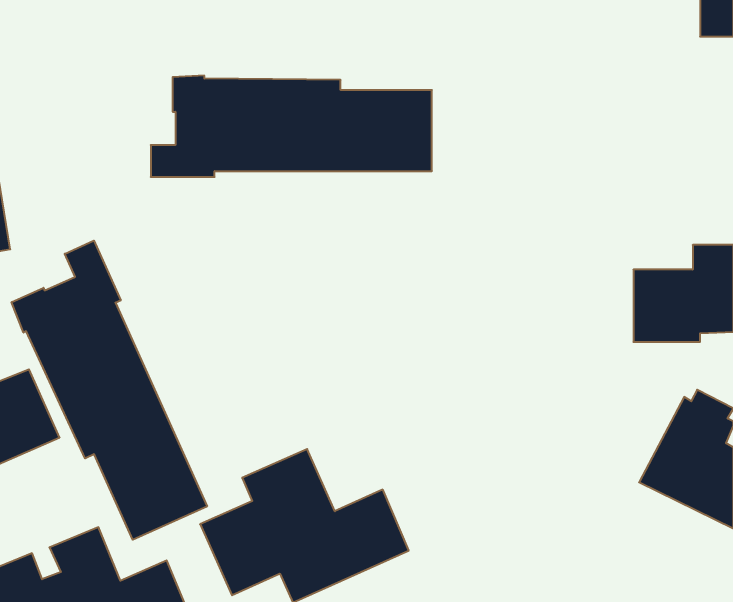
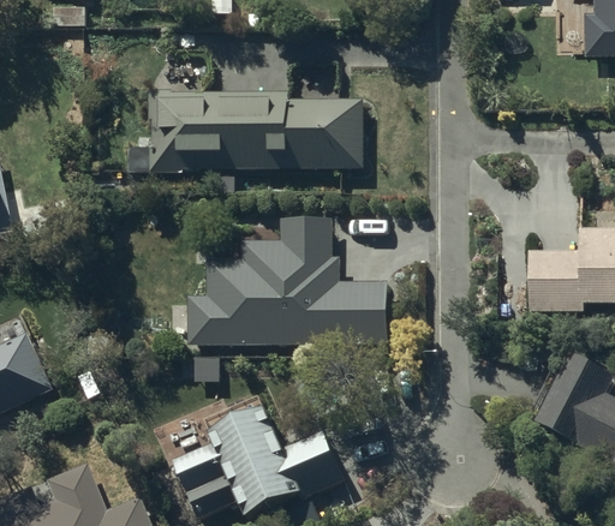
building: none -> [189,220,388,345]
building: [12,241,207,540] -> none

